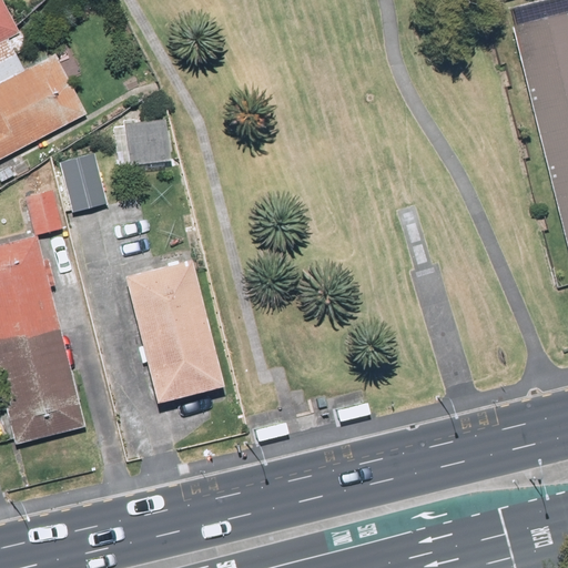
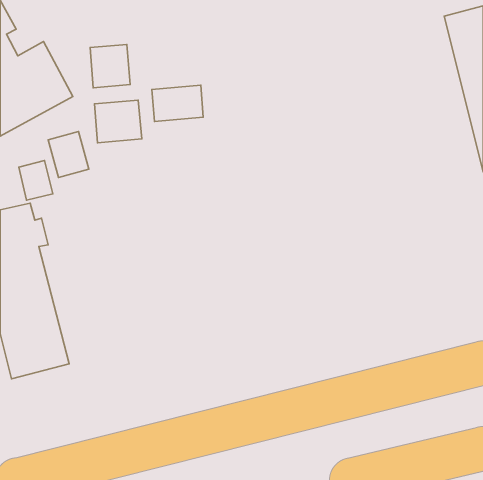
building: none -> [90,44,130,88]
building: none -> [152,85,203,121]
building: [122,263,222,404] -> none

